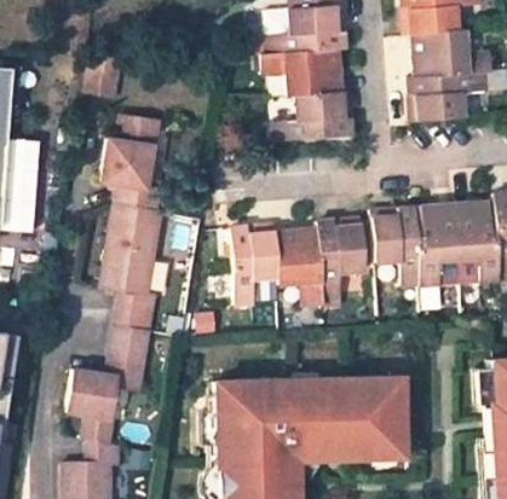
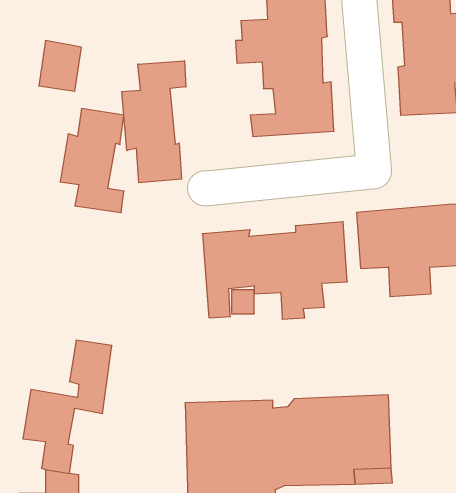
building: none -> [122,61,186,183]
building: [102,203,161,330] -> none

